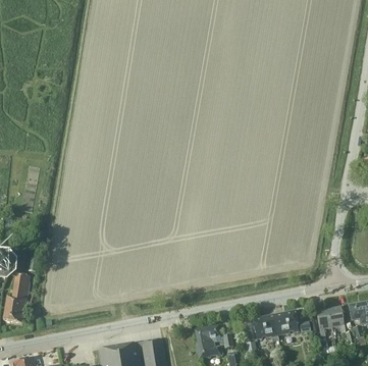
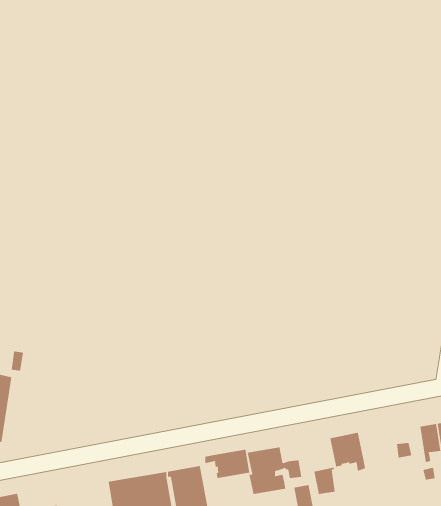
building: [273,310,299,334] -> none
building: none -> [205,449,250,479]

